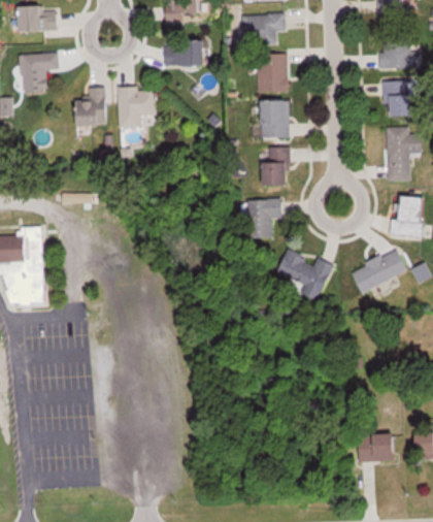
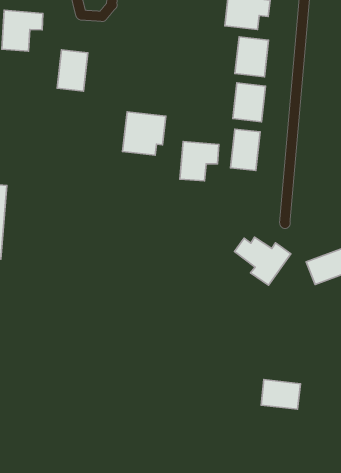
building: [162,44,204,66] -> none
building: [116,88,156,128] -> [123,112,166,155]
building: [245,199,282,238] -> [180,142,219,181]
building: [359,436,396,462] -> [261,380,301,409]

